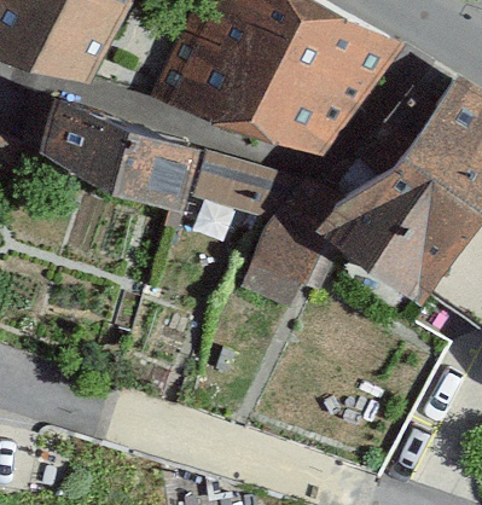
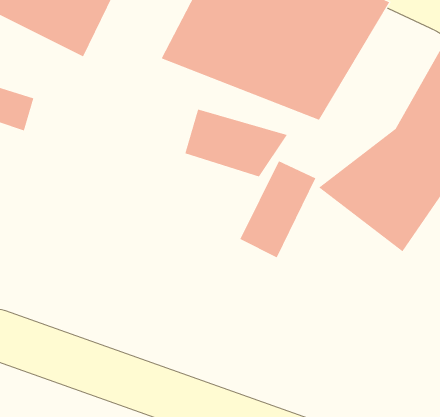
building: [39,92,199,208] -> none

